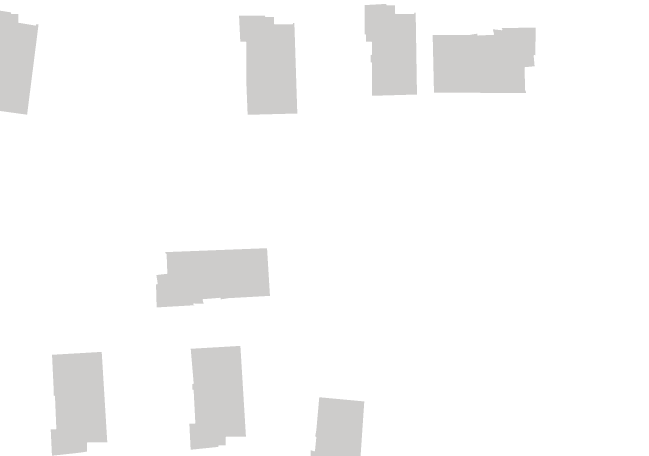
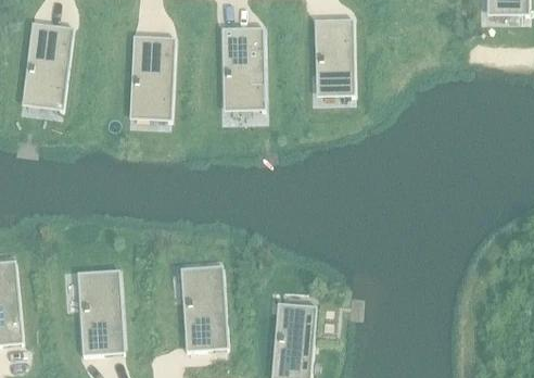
building: none -> [130,35,174,112]
building: [432,27,536,94] -> none
building: [155,247,271,308] -> none

